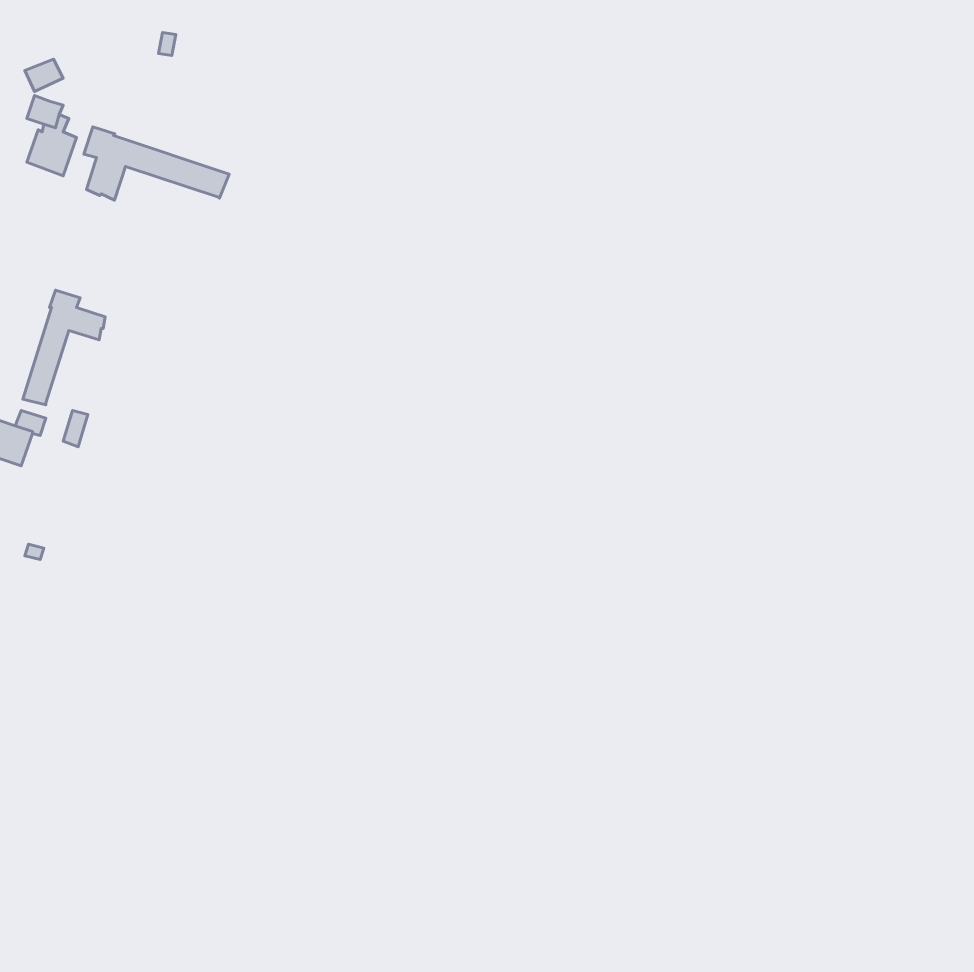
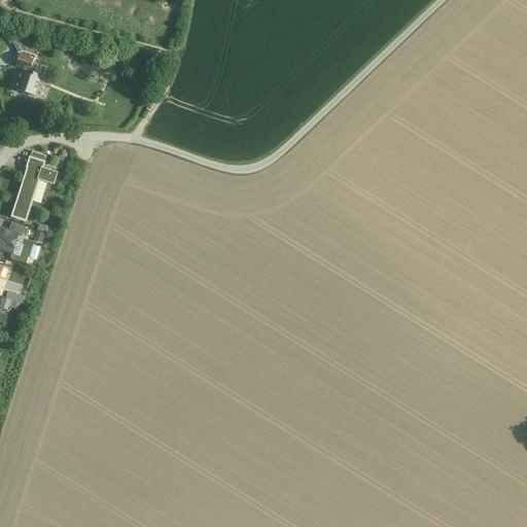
building: [84,127,229,200] -> none

